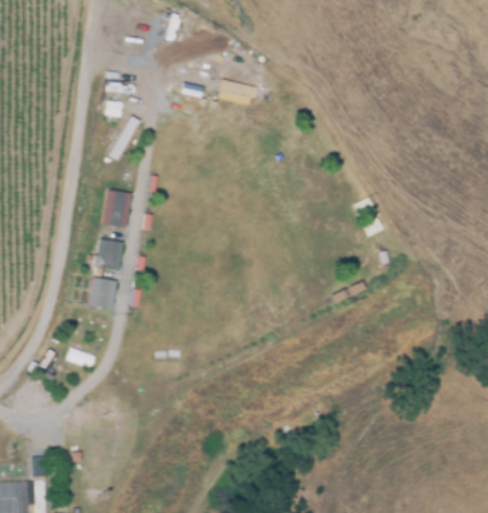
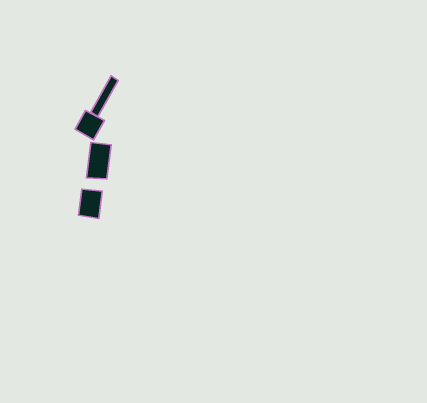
building: none -> [75,111,104,140]
building: [89,276,114,310] -> none

